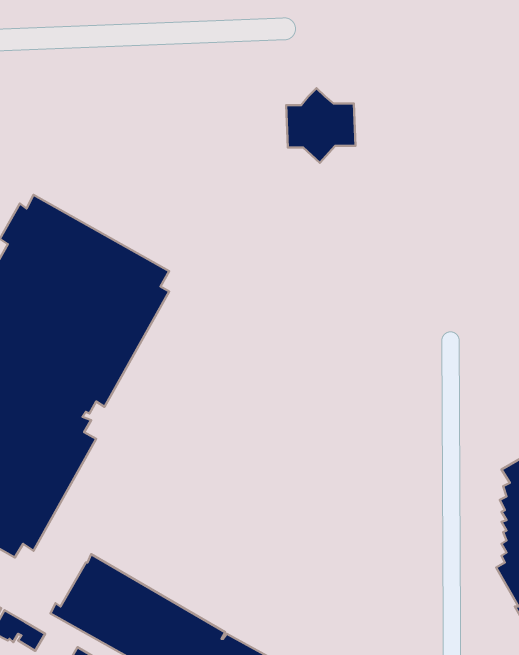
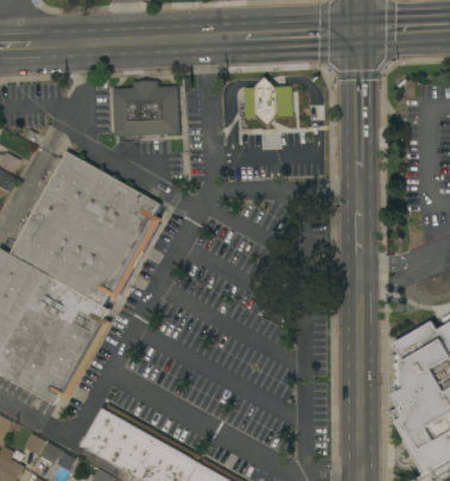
building: none -> [112,81,179,139]

